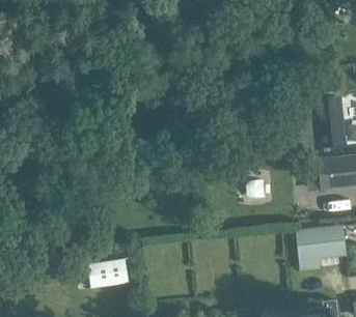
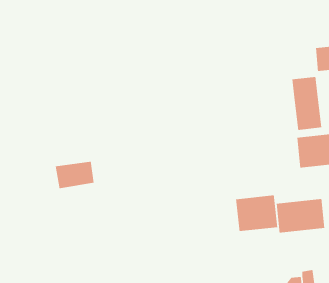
building: none -> [235,195,278,232]
building: [87,258,129,287] -> [55,161,94,189]

